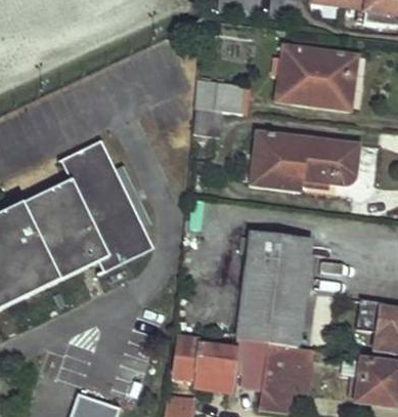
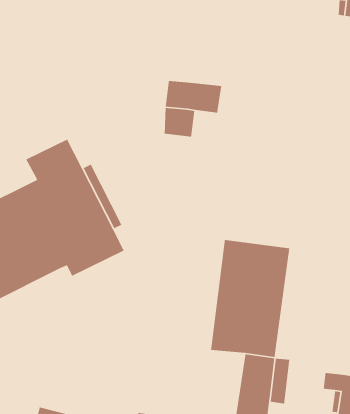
building: [277,44,353,109] -> none
building: [249,129,360,192] -> none
building: [173,337,268,388] -> none

